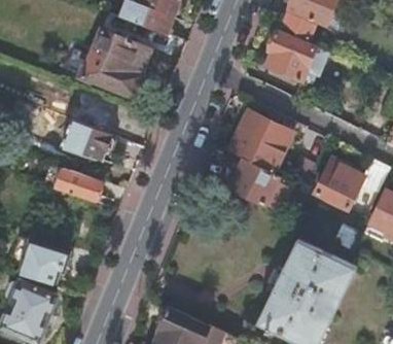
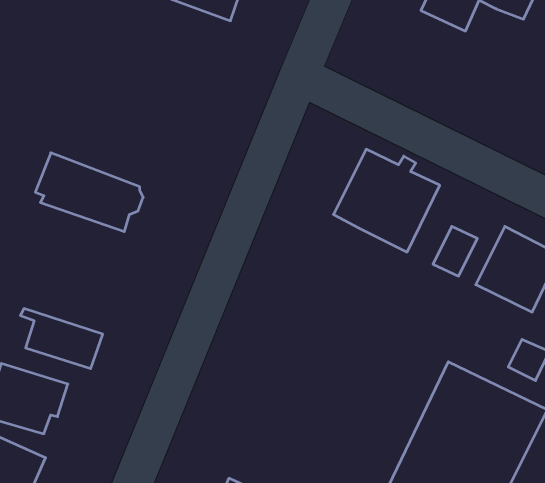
building: [82,28,150,96] -> none
building: [266,31,327,84] -> none
building: [229,159,290,211] -> none
building: [52,165,102,201] -> [20,309,103,369]

